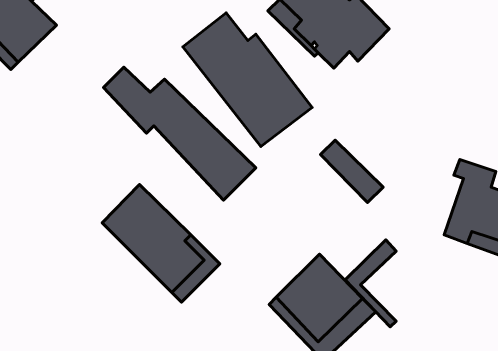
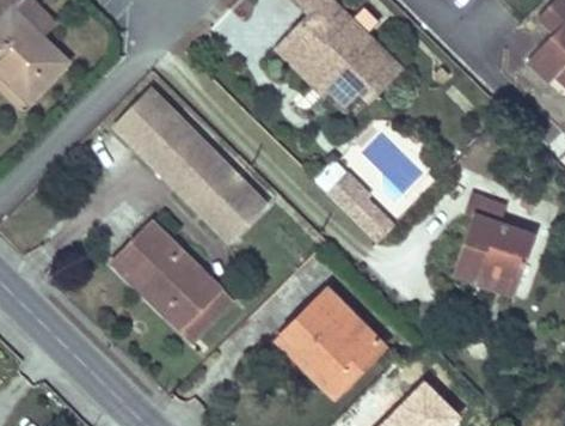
building: [183,13,312,146] -> none
building: [345,240,396,327] -> none

